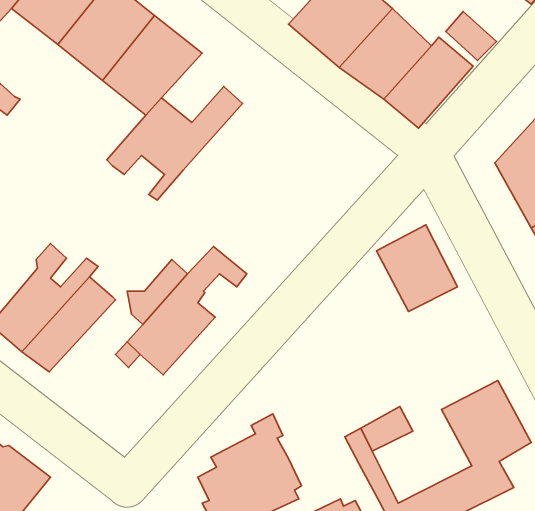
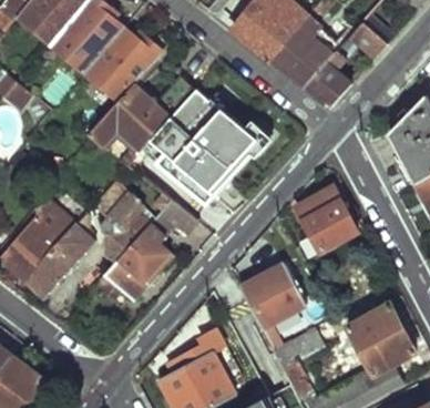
building: none -> [147,90,267,206]
building: none -> [93,177,143,234]
building: none -> [239,261,305,324]

